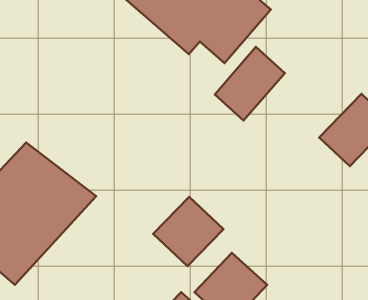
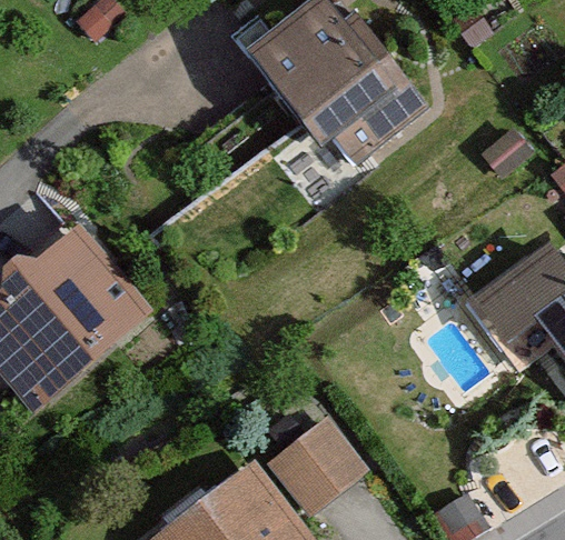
building: [215,47,285,121] -> none
building: [153,197,224,266] -> none

